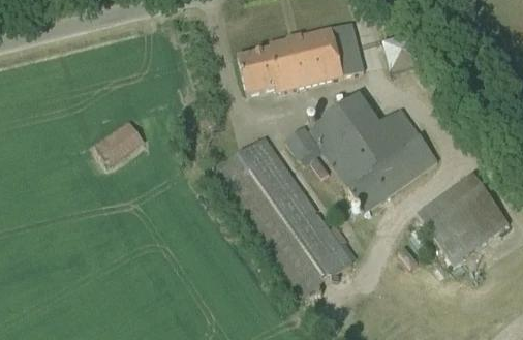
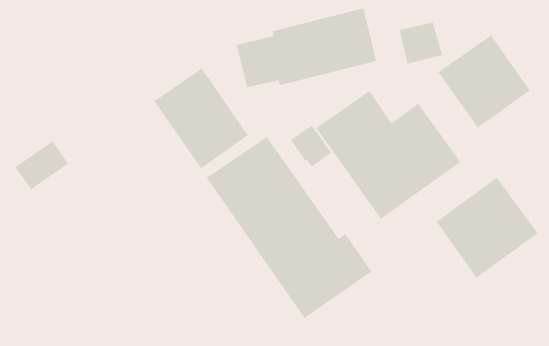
building: none -> [438,34,531,129]
building: none -> [153,68,249,169]
building: [96,120,145,164] -> [15,141,69,190]

